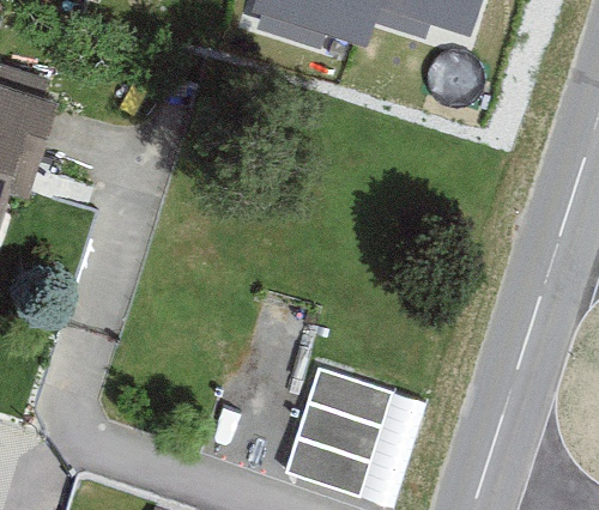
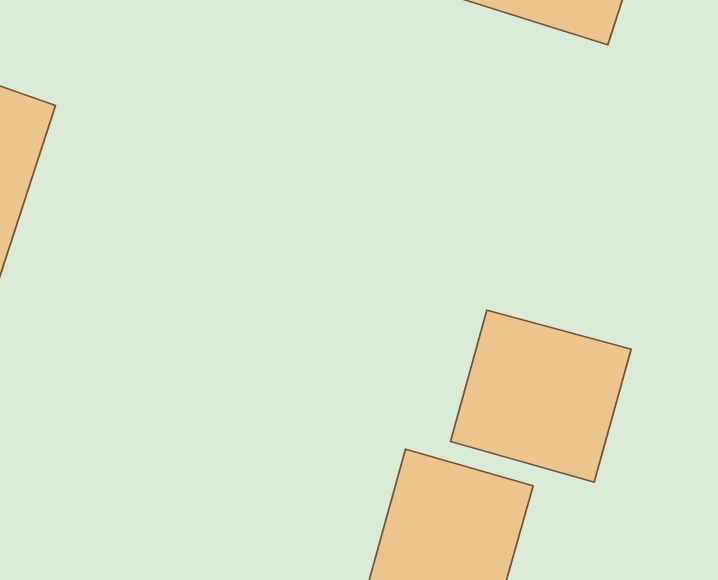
building: none -> [451,310,631,482]

